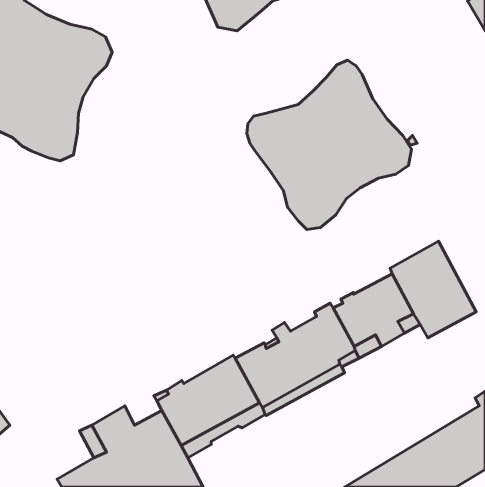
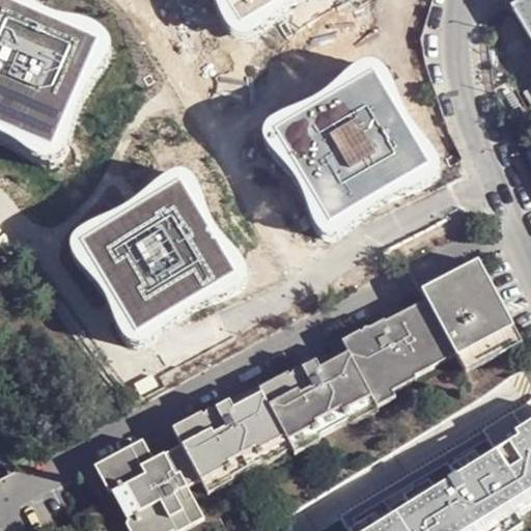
building: none -> [75,169,251,351]

